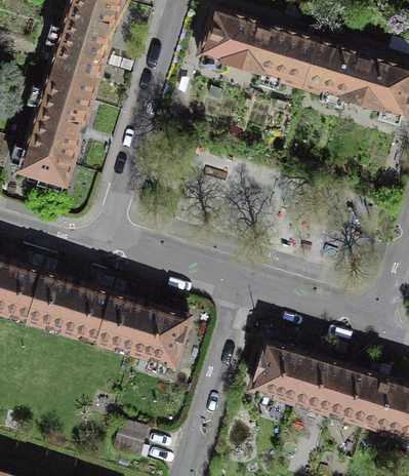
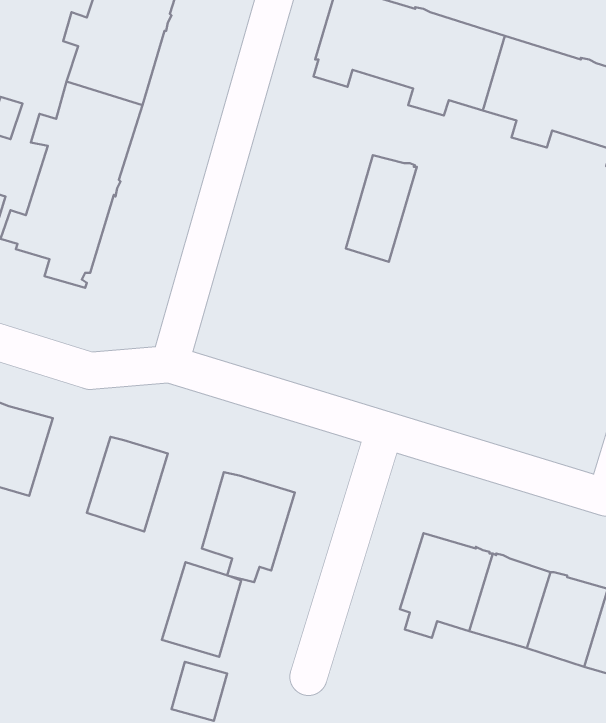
building: none -> [346,155,417,262]
building: [28,271,77,328] -> none
building: [97,292,146,350] -> [162,562,241,657]

